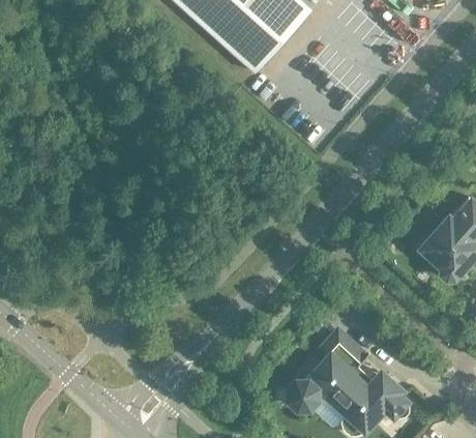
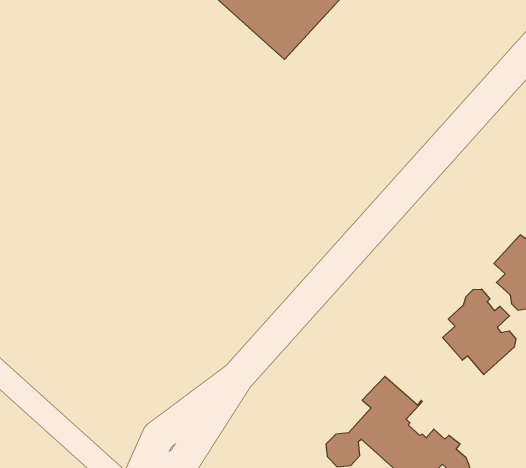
building: none -> [443,289,516,375]

